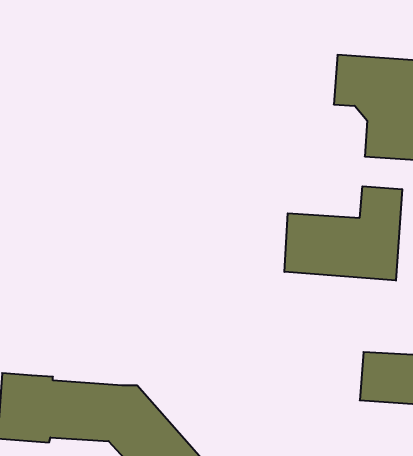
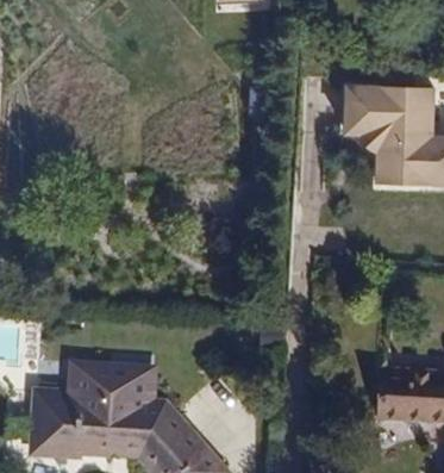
building: [284,186,402,281] -> none
building: none -> [63,360,154,403]

